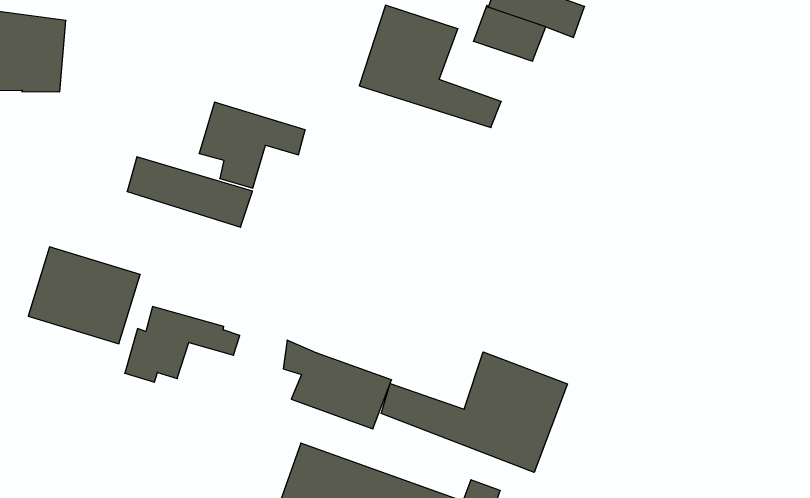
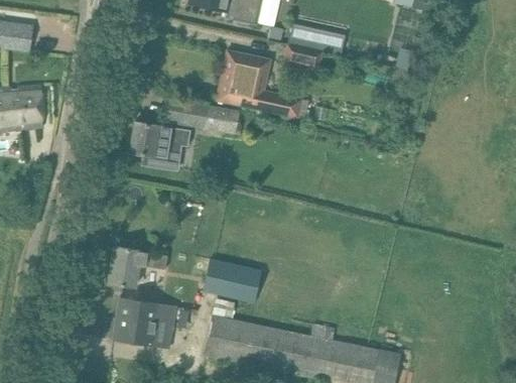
building: [127,157,252,227] -> [163,100,237,133]
building: [28,247,140,344] -> [113,297,175,349]
building: [381,352,568,472] -> none

